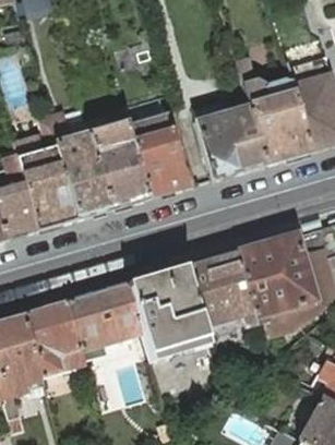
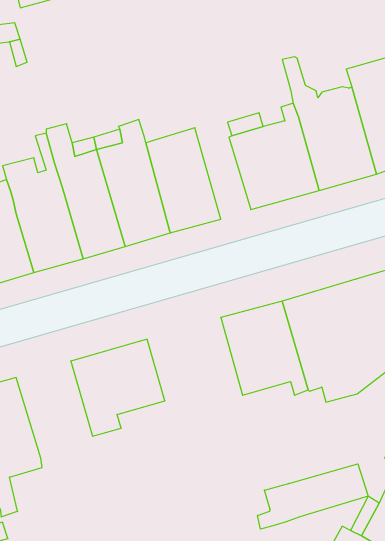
building: [130,265,211,362] -> none
building: [25,300,87,377] -> none
building: none -> [257,464,368,529]

